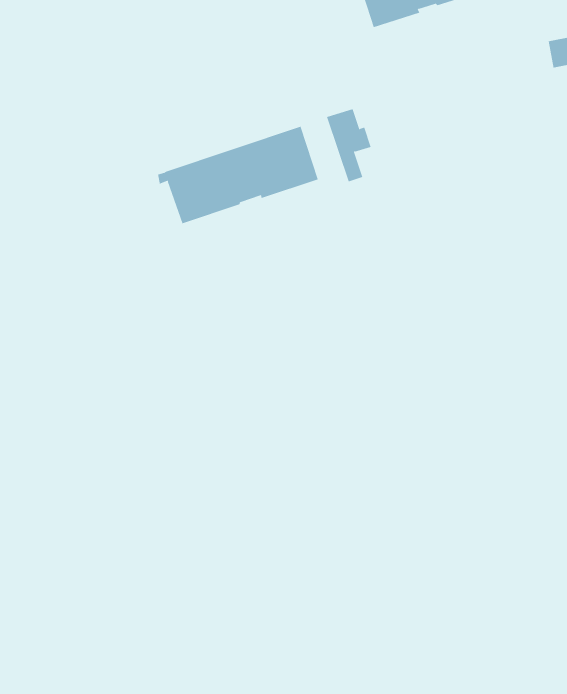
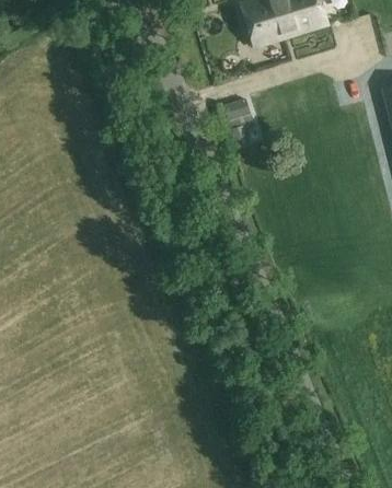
building: [158,126,319,224] -> none

